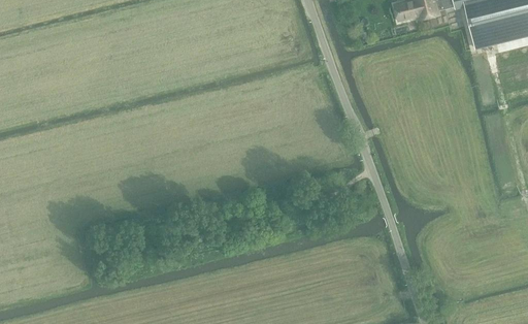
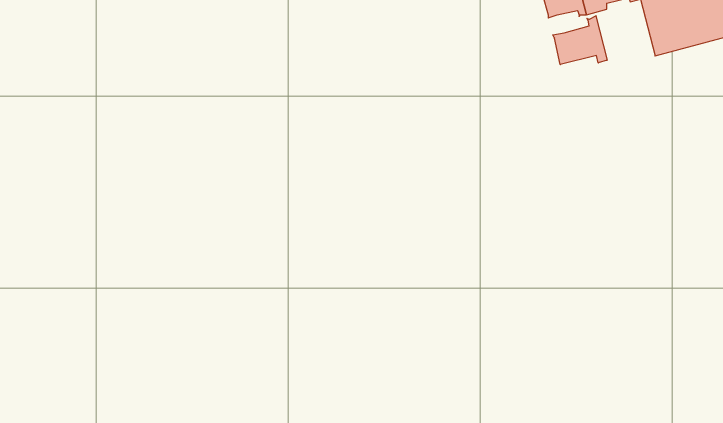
building: none -> [553,16,607,65]

